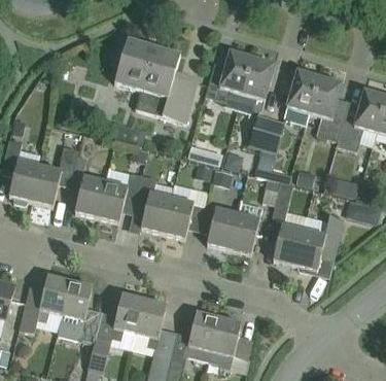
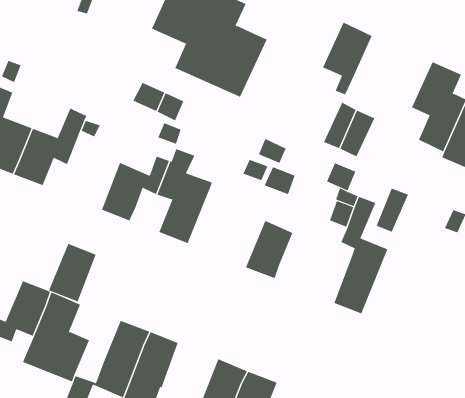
building: [205,50,251,100] -> none
building: [283,70,319,124] -> none
building: [74,175,105,216] -> [48,243,96,302]
building: [163,182,197,238] -> none
building: [229,200,262,253] -> none
building: [294,214,343,270] -> none

